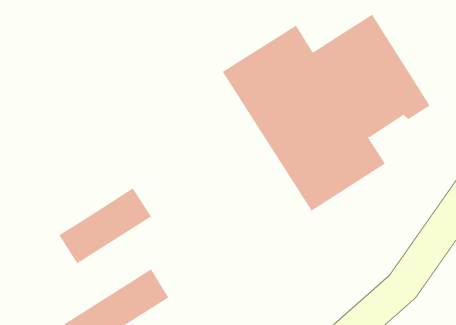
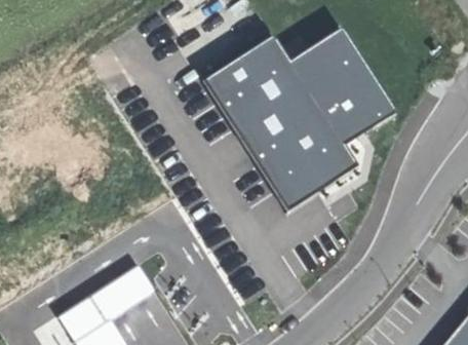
building: [58,188,152,264] -> none

